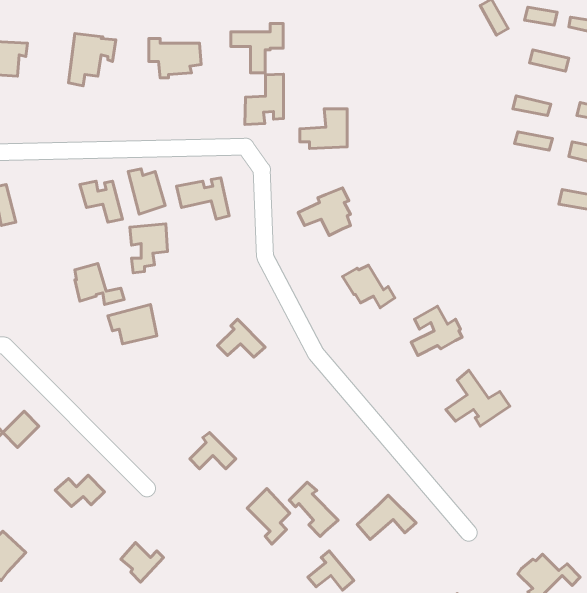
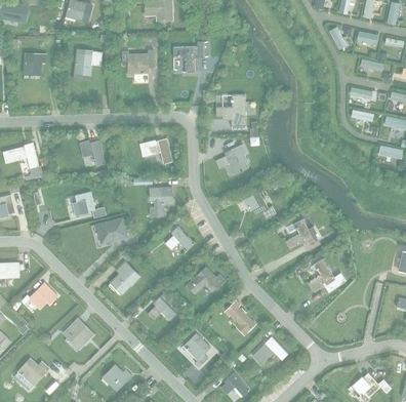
building: [245,74,284,124] -> none
building: [128,169,165,214] -> none
building: [130,224,167,273] -> [148,186,171,216]
building: none -> [110,262,138,294]
building: none -> [190,267,224,291]
building: [289,482,338,536] -> [224,300,254,334]

